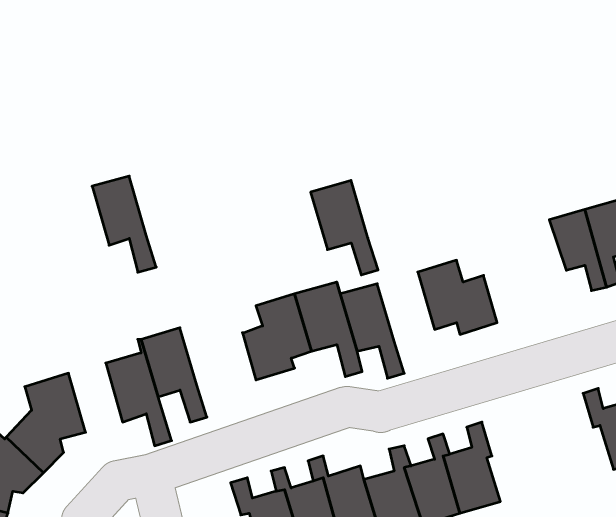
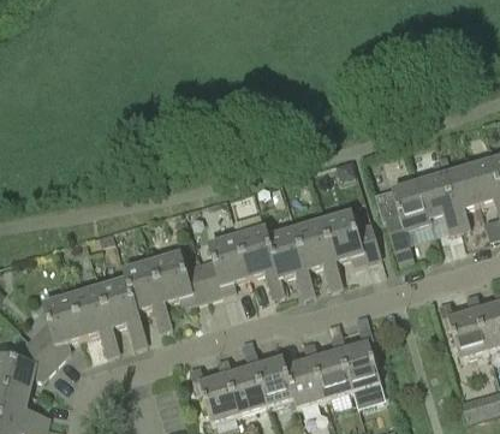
building: [92,176,156,272] -> [73,285,119,353]
building: [311,180,378,275] -> [293,220,341,287]
building: none -> [371,183,429,250]
building: none -> [153,252,207,304]

